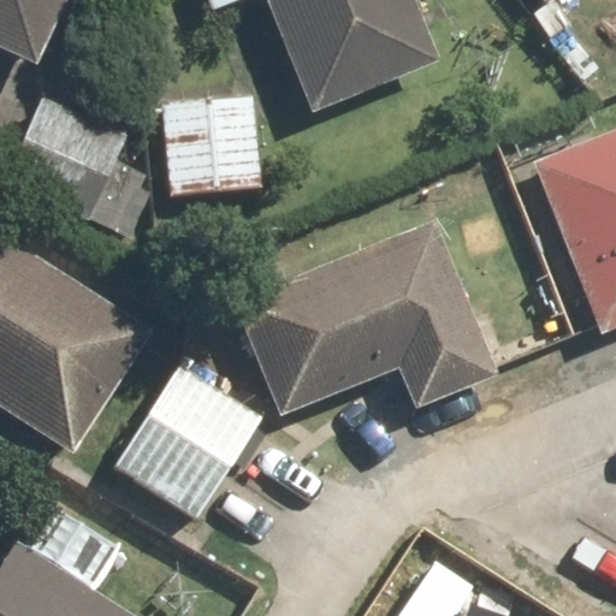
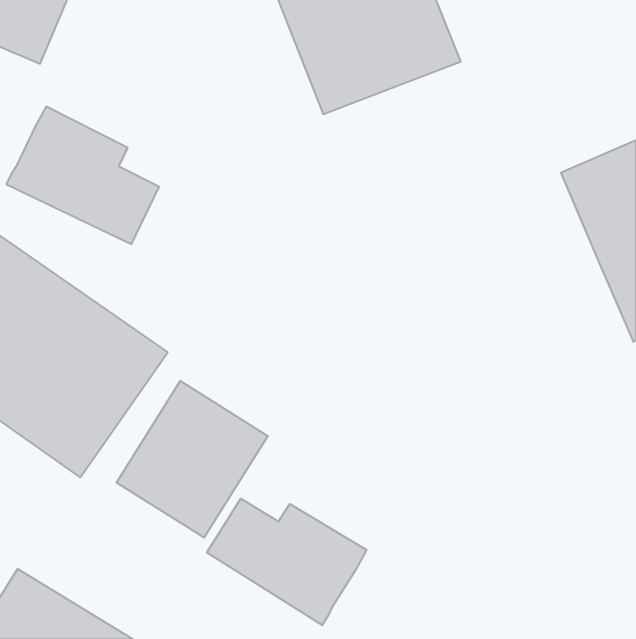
building: [160,94,265,191] -> none
building: [248,225,493,416] -> none
building: none -> [207,499,367,625]

